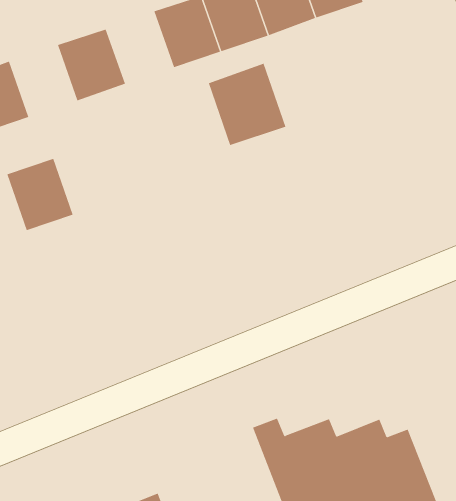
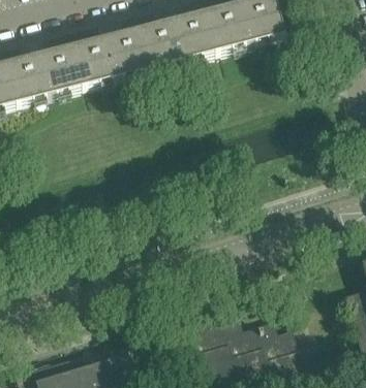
building: none -> [110,28,153,75]
building: [208,63,286,146] -> none
building: [6,158,74,231] -> [42,45,86,93]

